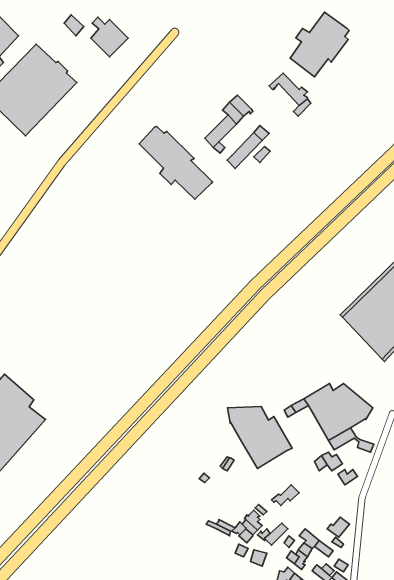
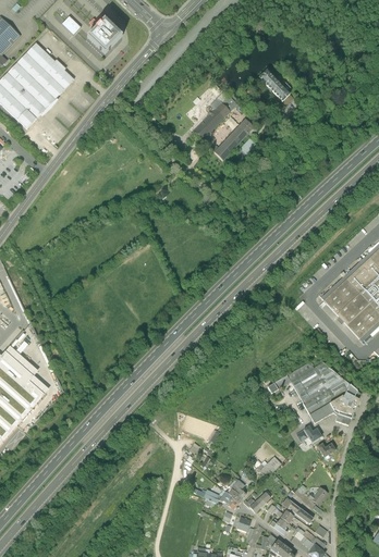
building: [290,12,349,77] -> none
building: [139,126,212,199] -> none
building: [228,407,292,469] -> none
building: none -> [330,383,360,417]

